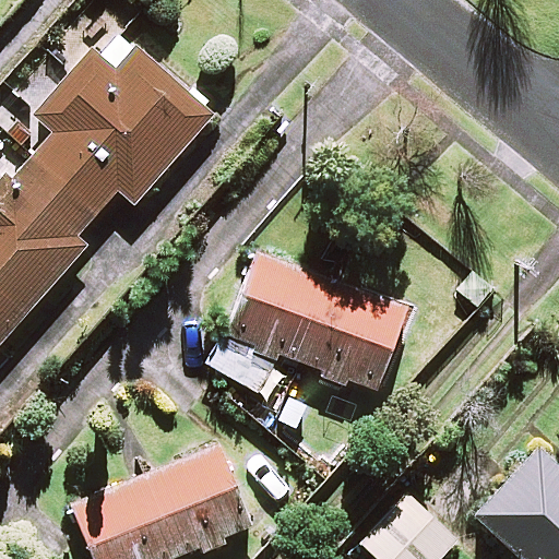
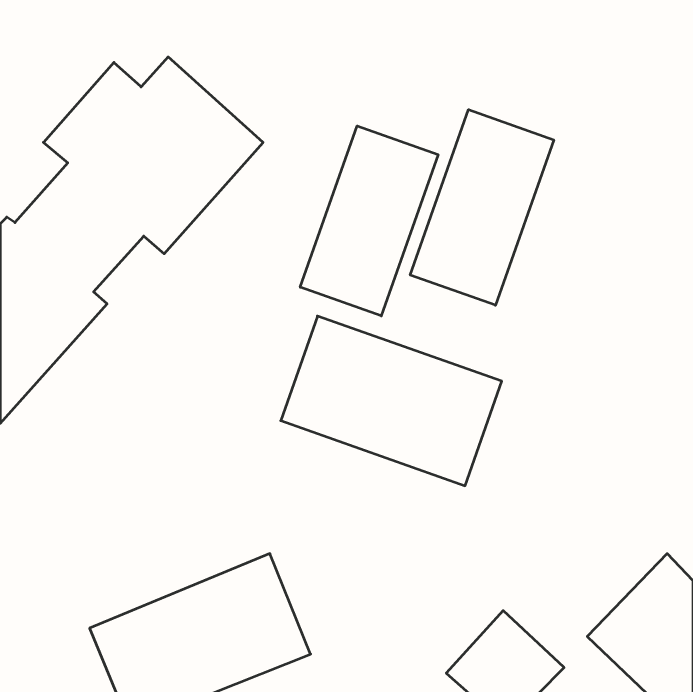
building: none -> [410,110,554,305]
building: none -> [300,126,438,316]

